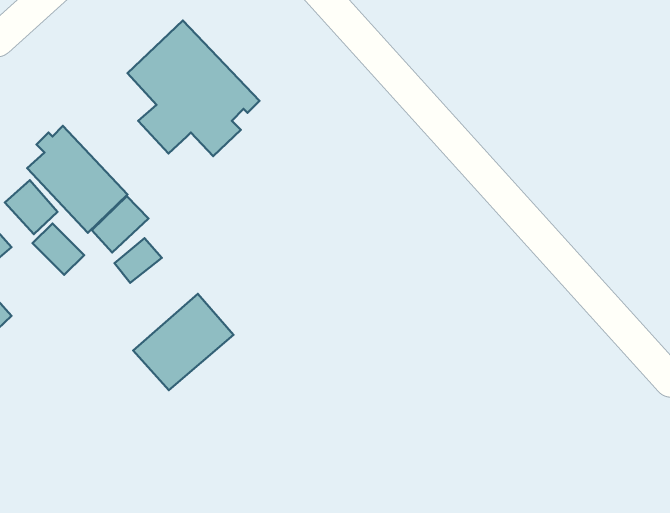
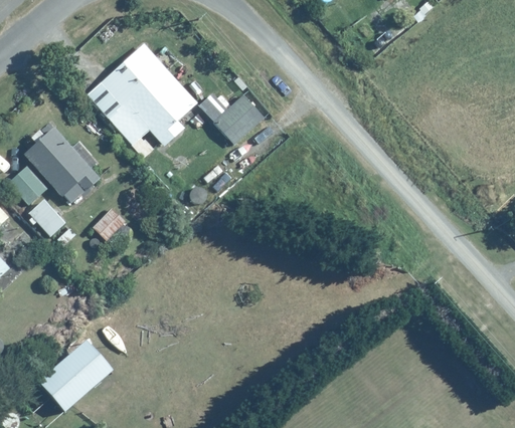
building: none -> [201,91,264,145]
building: [92,196,148,253] -> none
building: [133,294,233,390] -> [35,340,112,413]

